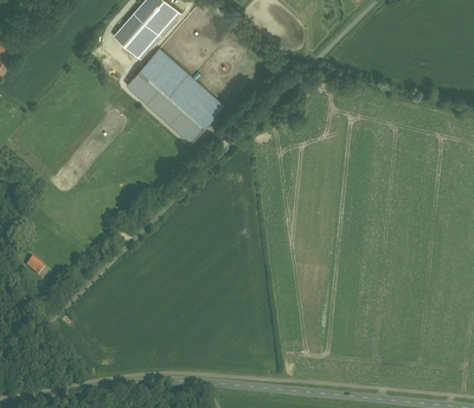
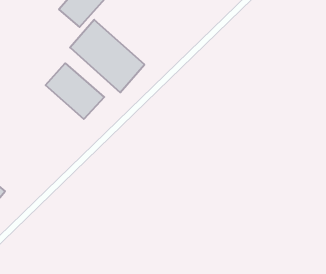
building: none -> [46,63,104,119]

